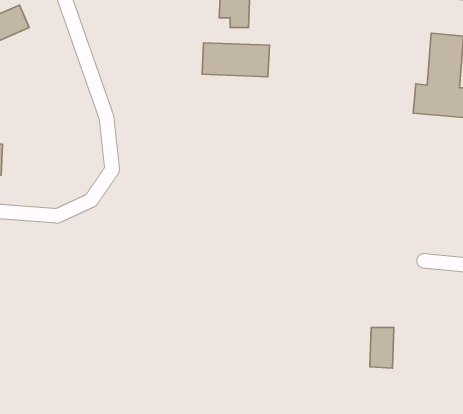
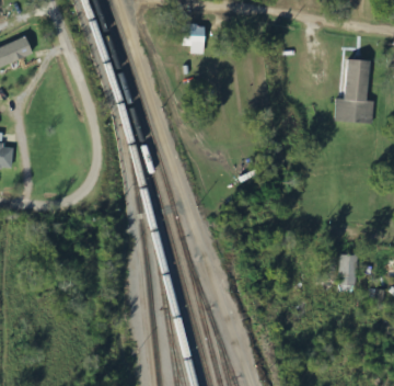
building: [202,43,269,77] -> none
building: [370,327,394,368] -> [336,253,355,285]

